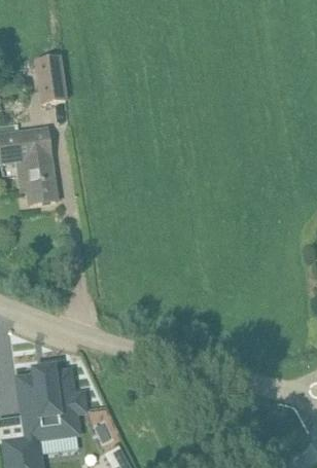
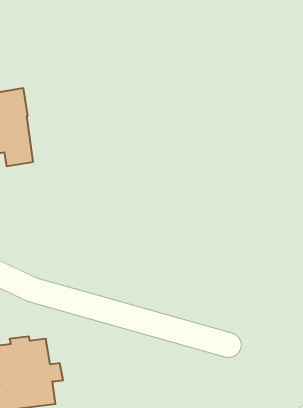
building: [34,55,67,104] -> none

